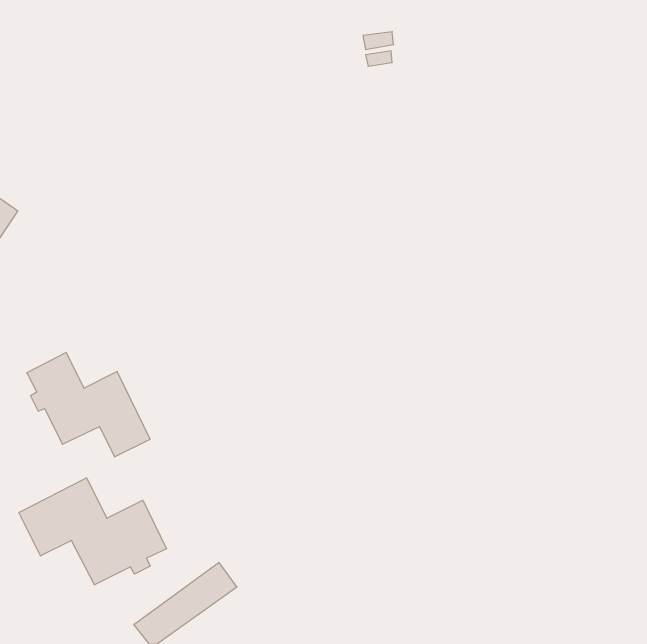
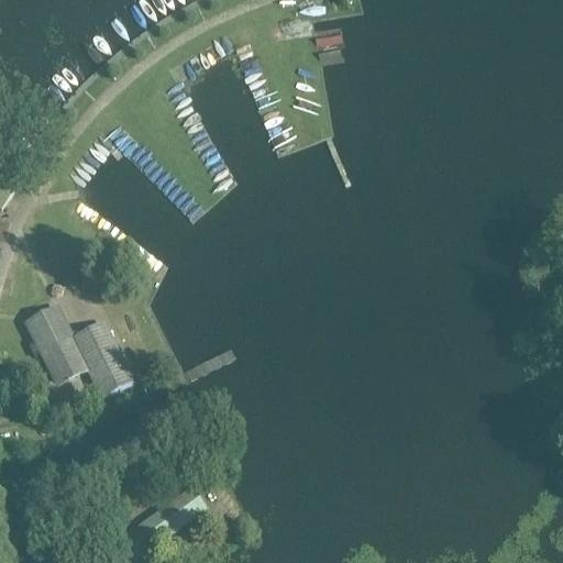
building: [19,478,166,585] -> none

